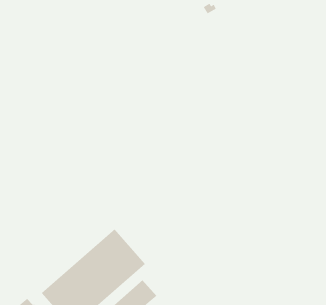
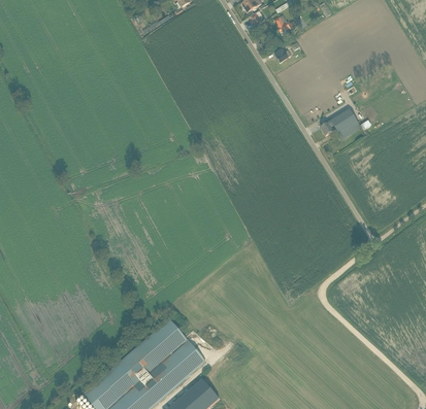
building: none -> [321,108,361,138]

